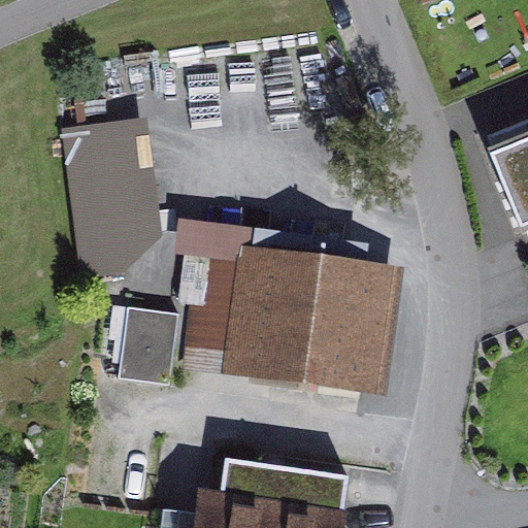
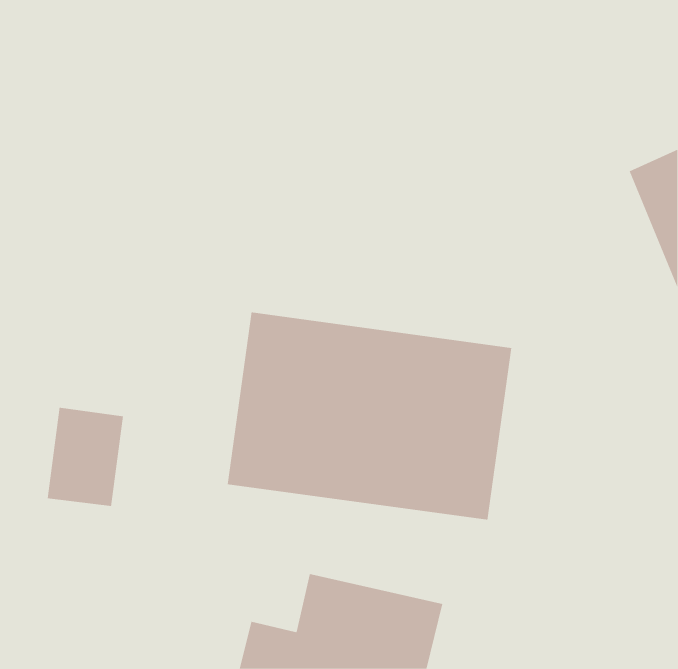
building: [65,119,164,280] -> none
building: [121,305,180,383] -> [47,407,124,507]

